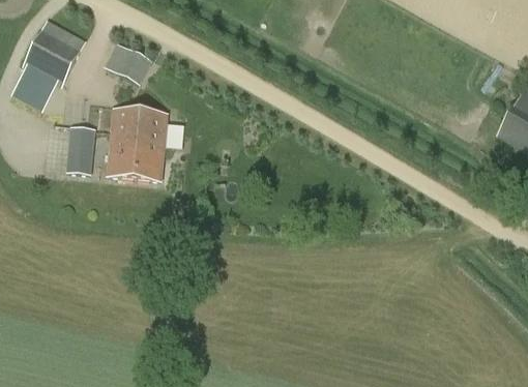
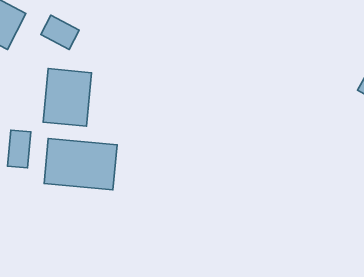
building: [66,126,95,173] -> [7,130,31,168]
building: none -> [44,138,117,190]

